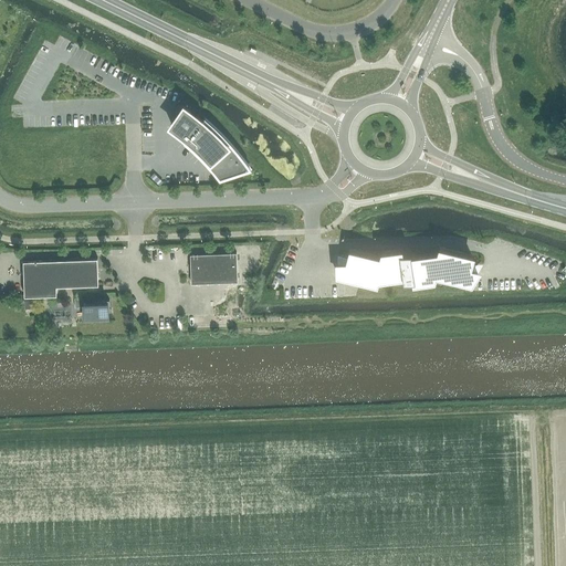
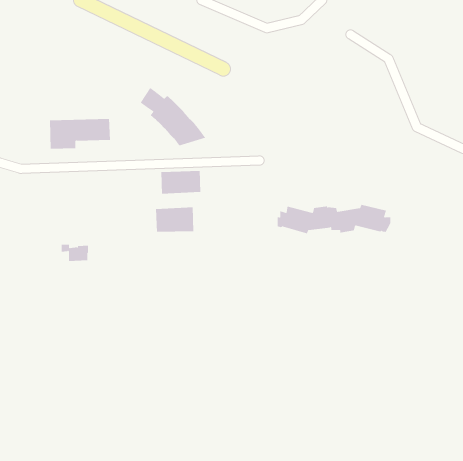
building: none -> [161,170,201,194]
building: [22,261,97,298] -> [49,118,111,149]

